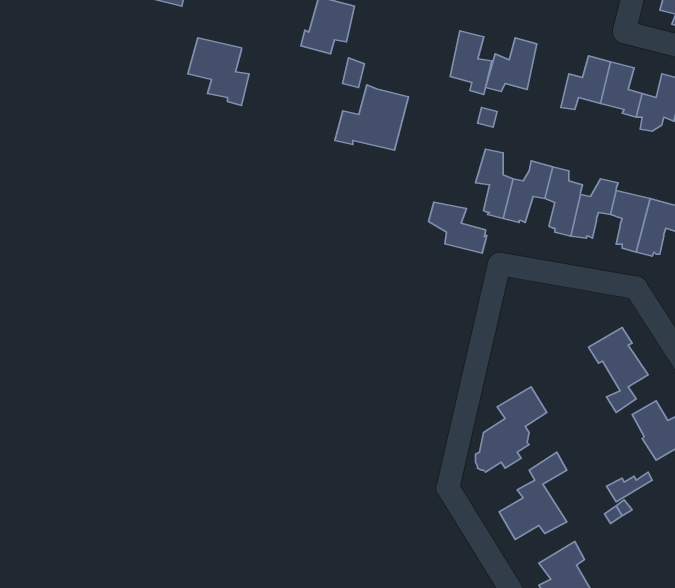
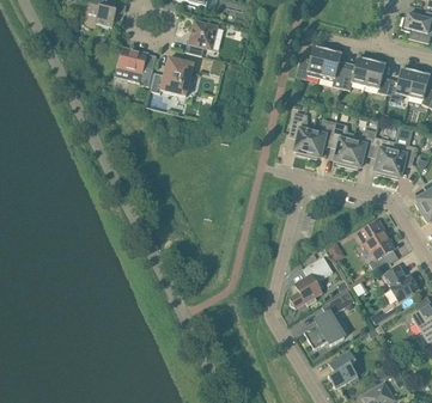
building: [450,31,492,94] -> [321,49,346,87]
building: [335,85,408,150] -> [150,56,194,96]
building: [429,202,487,253] -> none

